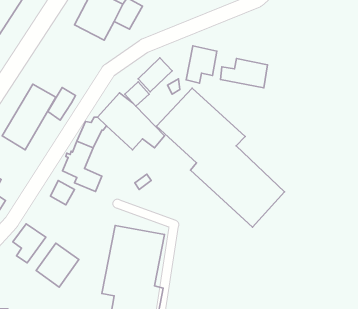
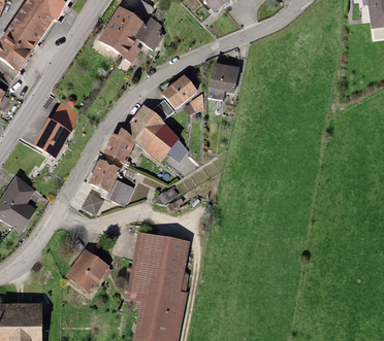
building: [220,59,267,88] -> none
building: [48,87,75,120] -> none
building: [157,88,285,227] -> none
building: [13,224,46,263] -> none

